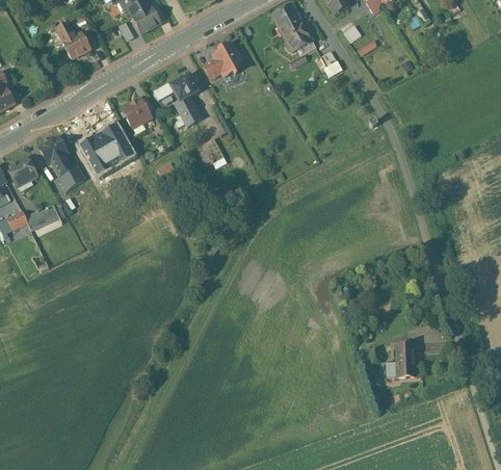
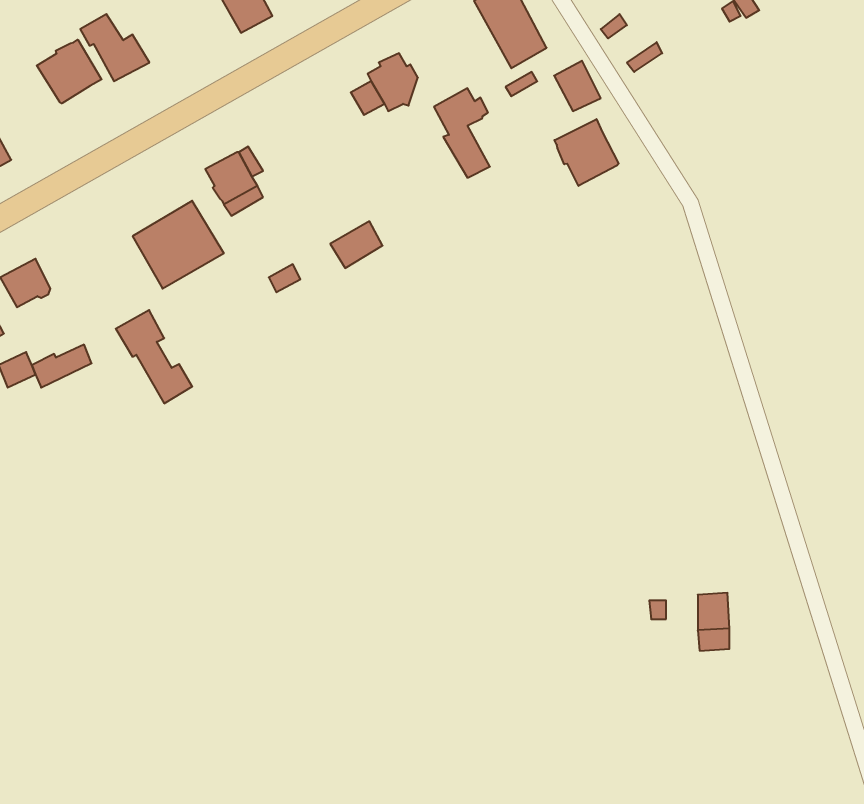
building: none -> [37,40,102,103]
building: [170,75,202,125] -> [434,88,490,178]
building: none -> [554,119,619,186]
building: [39,136,82,188] -> [116,310,192,403]

